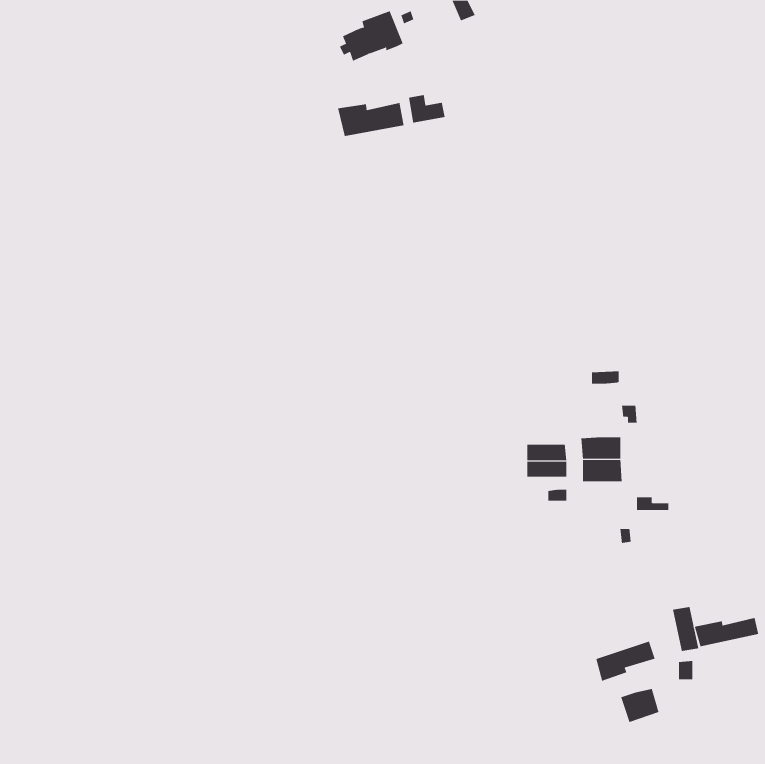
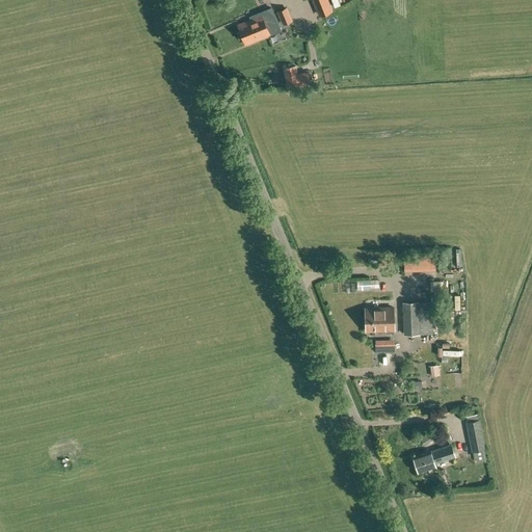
building: [338,102,404,137] -> none
building: [694,617,759,647] -> none
building: [620,688,659,723] -> none

